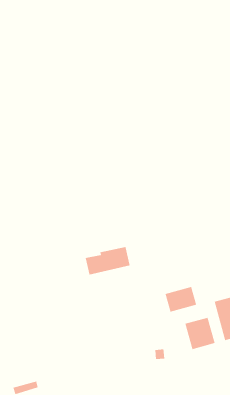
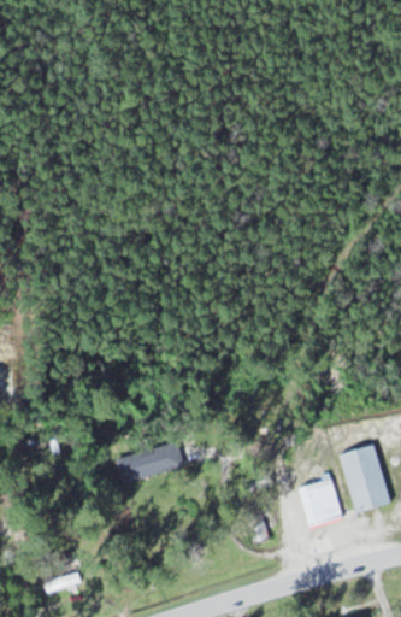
building: [85,247,130,275] -> [116,439,183,481]
building: [165,286,197,313] -> none

